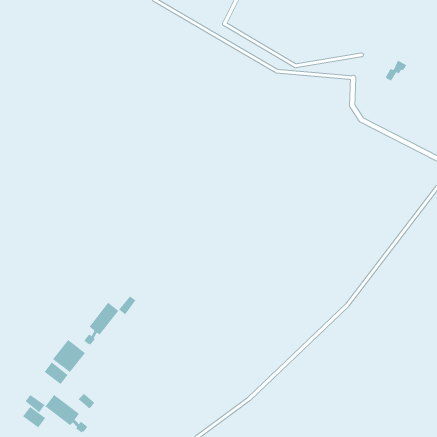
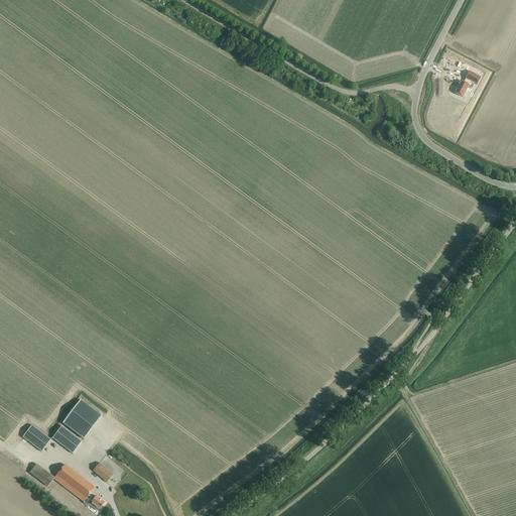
building: [83,295,136,346] -> none
building: [22,406,46,428] -> [22,424,50,450]

